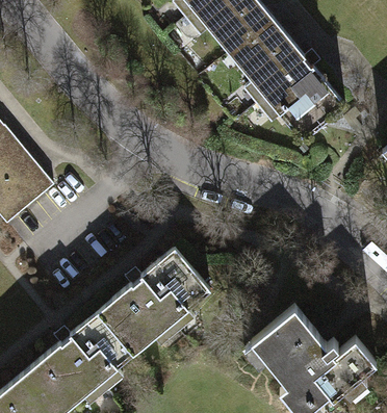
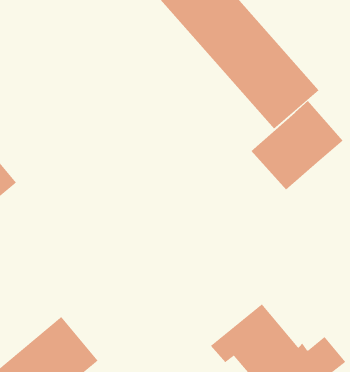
building: none -> [250,100,343,190]
building: [94,253,207,361] -> none

